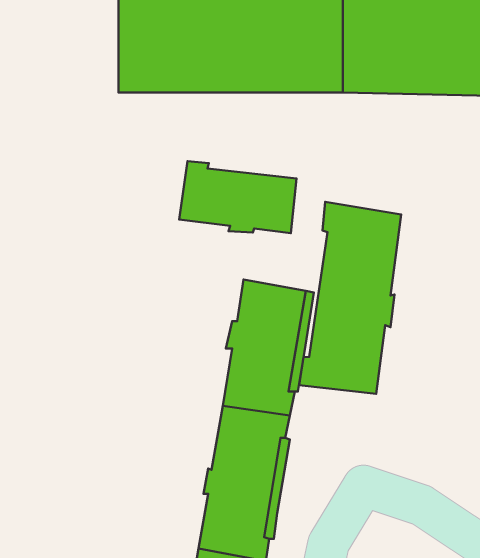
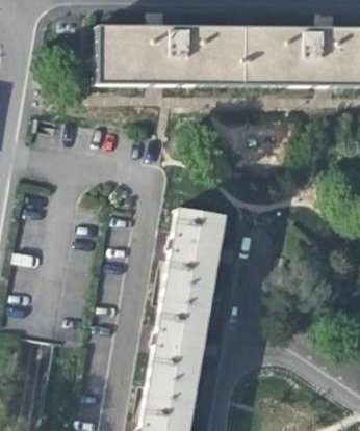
building: [179,161,297,233] -> none
building: [299,202,401,394] -> none

